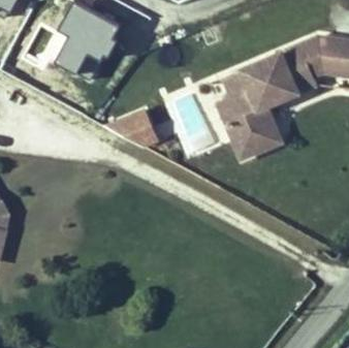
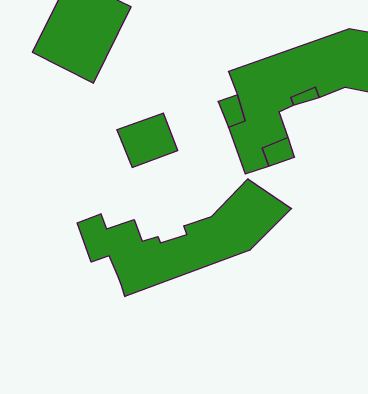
building: none -> [77,179,292,297]

